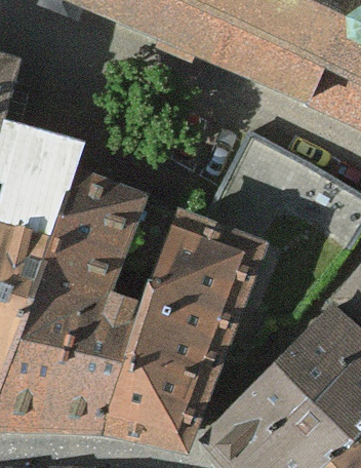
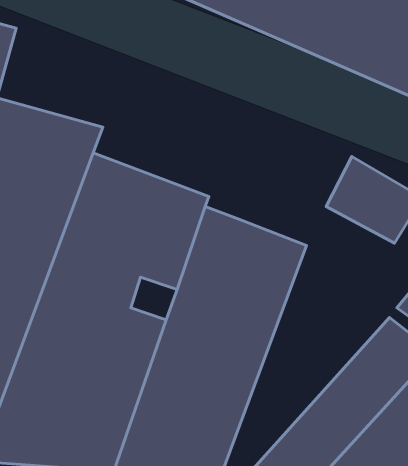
building: [206,137,303,241] -> none

